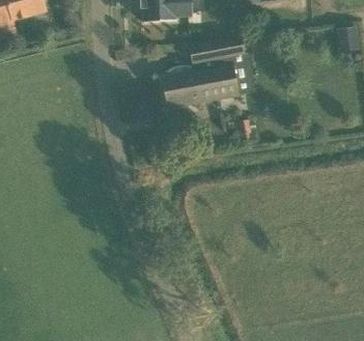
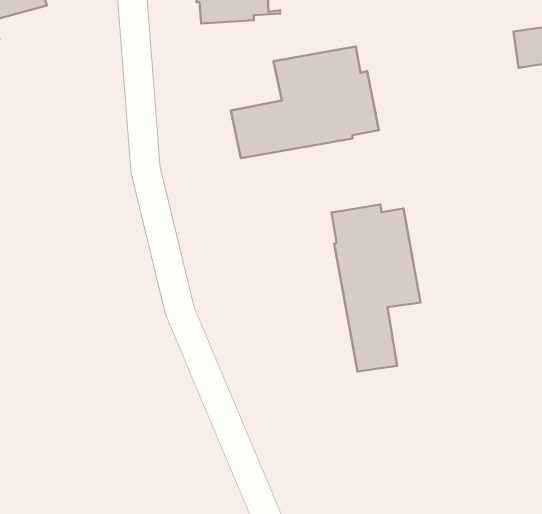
building: none -> [331,205,420,371]

